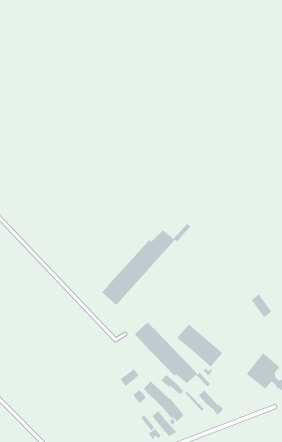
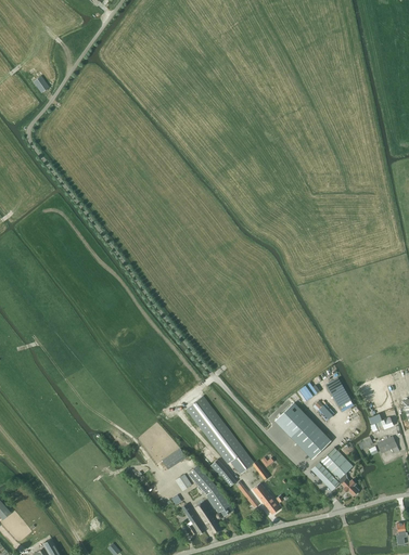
building: [101,223,191,306] -> none
building: [176,324,223,367] -> [277,403,330,457]

